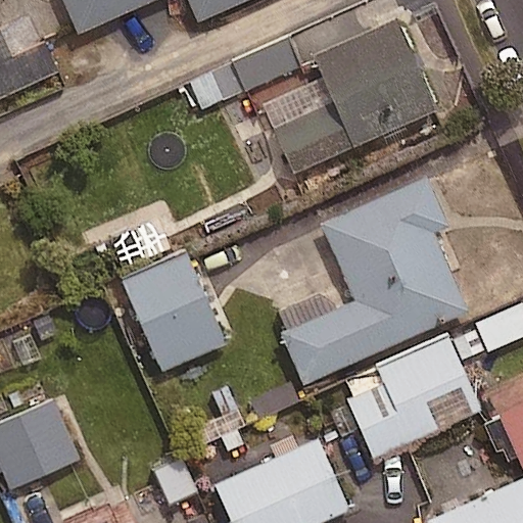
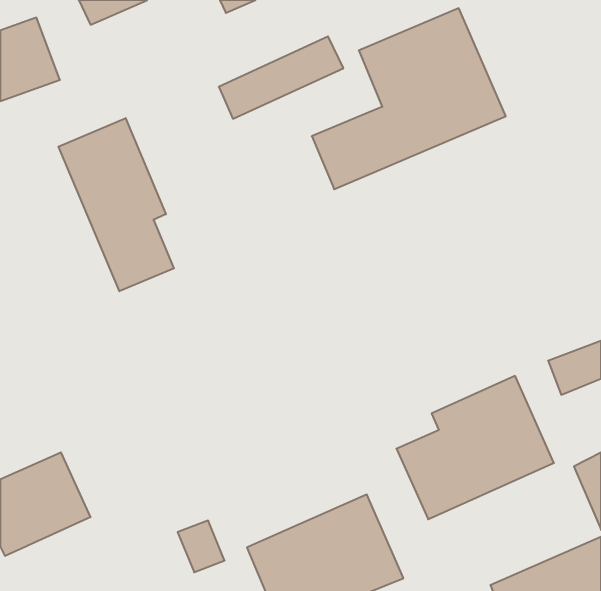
building: none -> [59,118,174,291]
building: [281,175,469,382] -> none
building: [124,253,226,370] -> none

